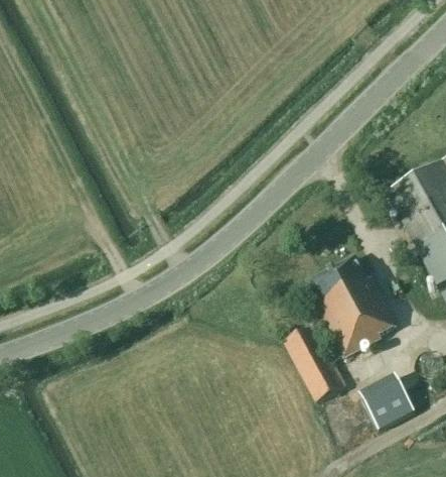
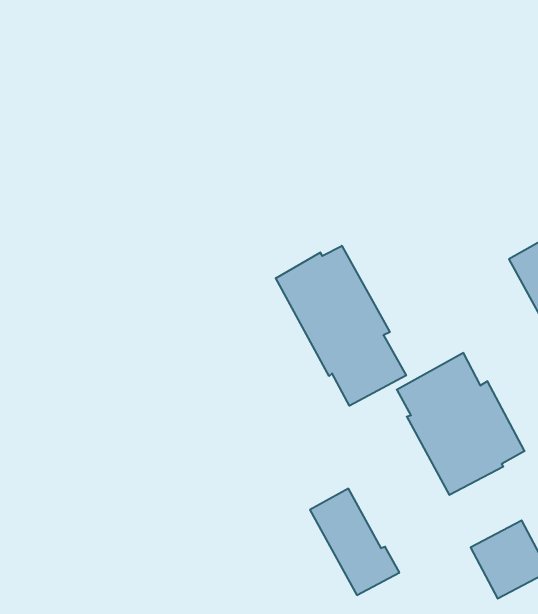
building: none -> [276,246,406,406]
building: [283,326,346,401] -> [310,489,399,595]

